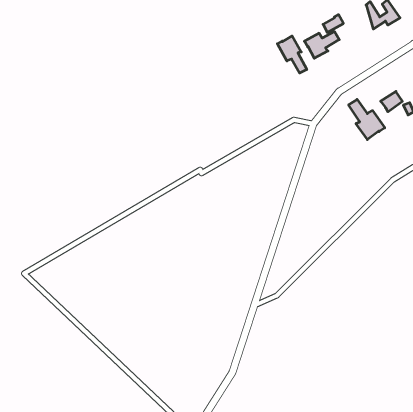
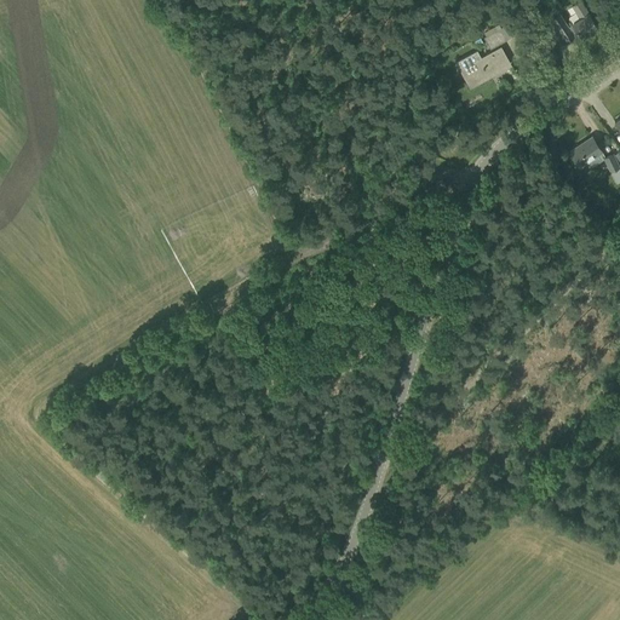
building: [277,36,307,73] -> none
building: [349,99,385,140] -> none

